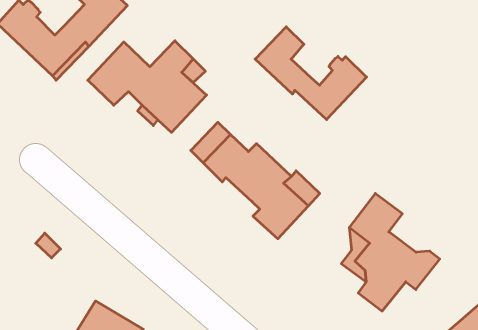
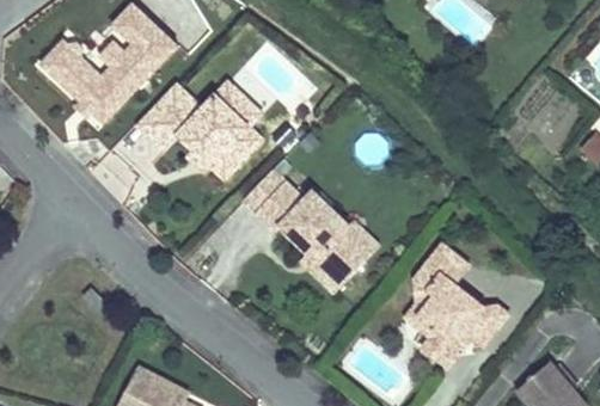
building: [255,27,367,120] -> none

